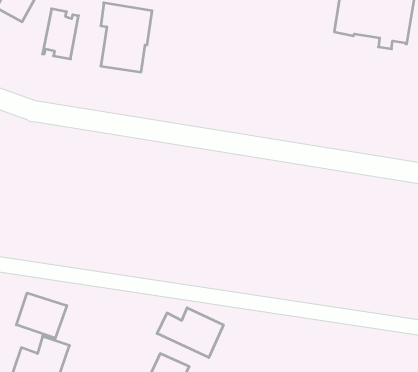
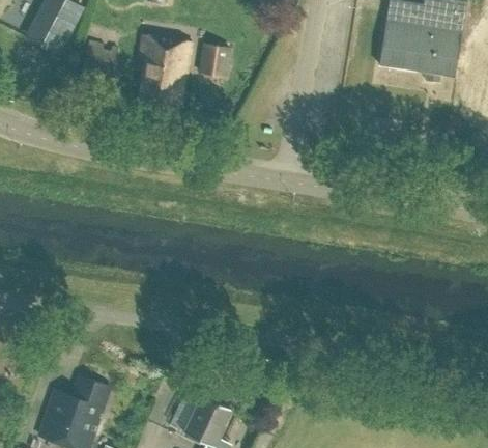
building: none -> [198,43,230,77]
building: [16,293,67,338] -> none
building: [157,308,223,358] -> none

